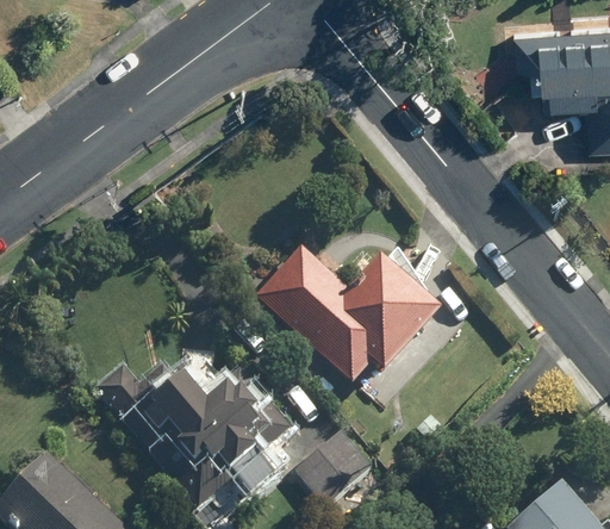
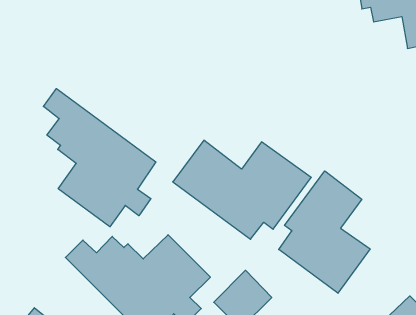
building: none -> [43,89,156,227]
building: none -> [279,171,370,293]

